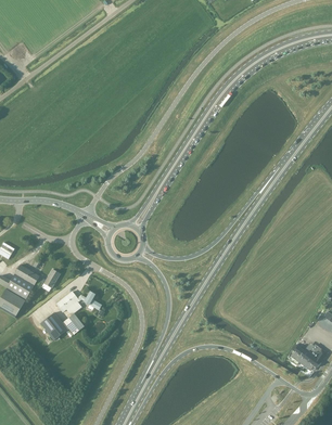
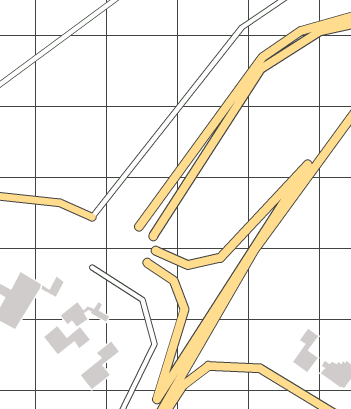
building: none -> [292,328,319,373]
building: none -> [80,340,120,390]

